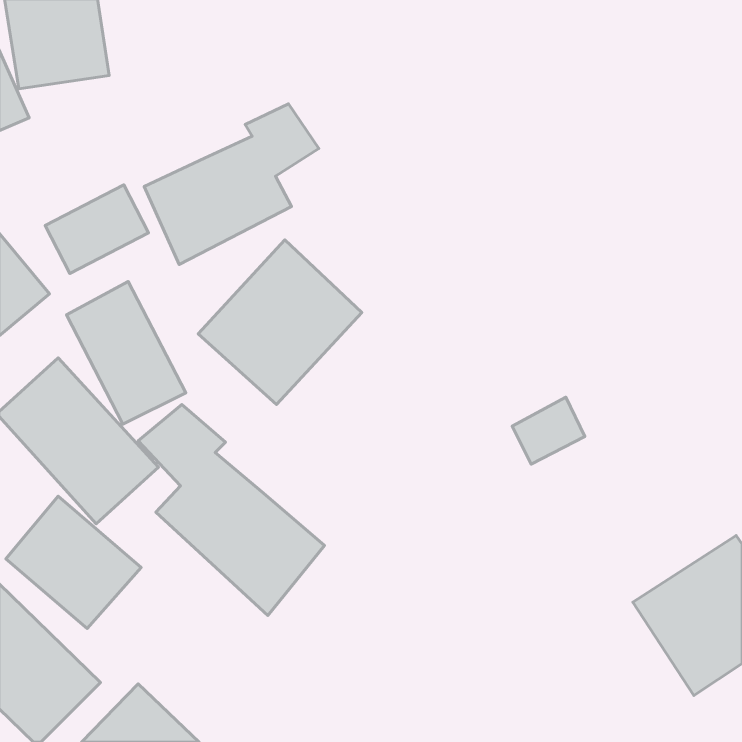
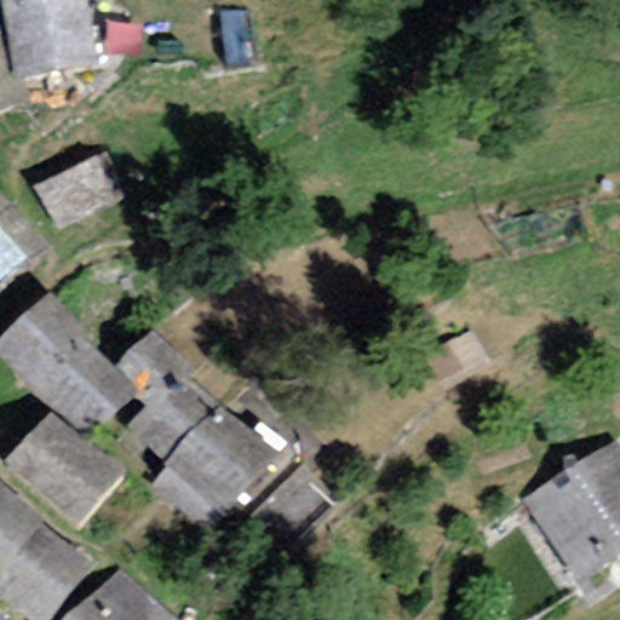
building: [144,104,319,265] -> none
building: [198,240,362,405] -> none
building: [67,282,186,424] -> none

